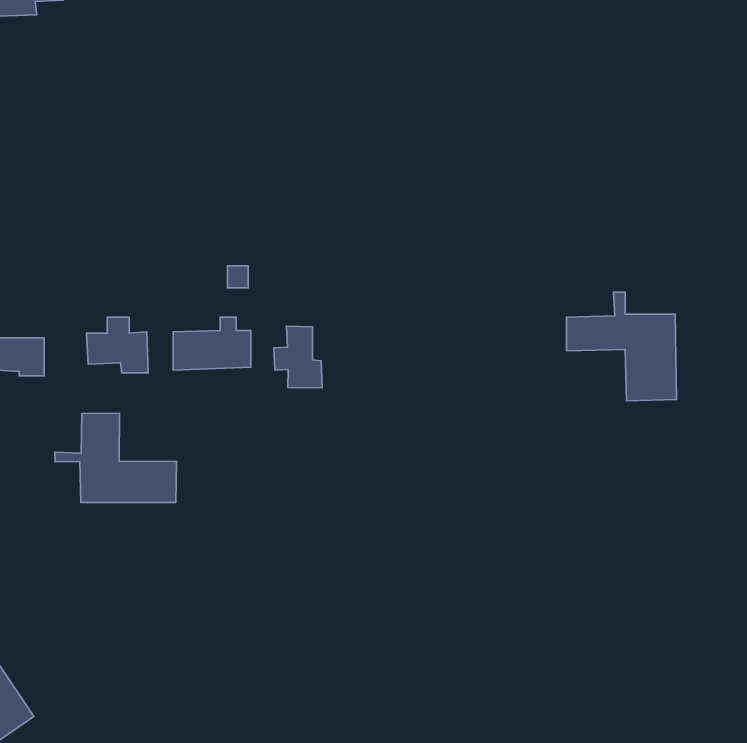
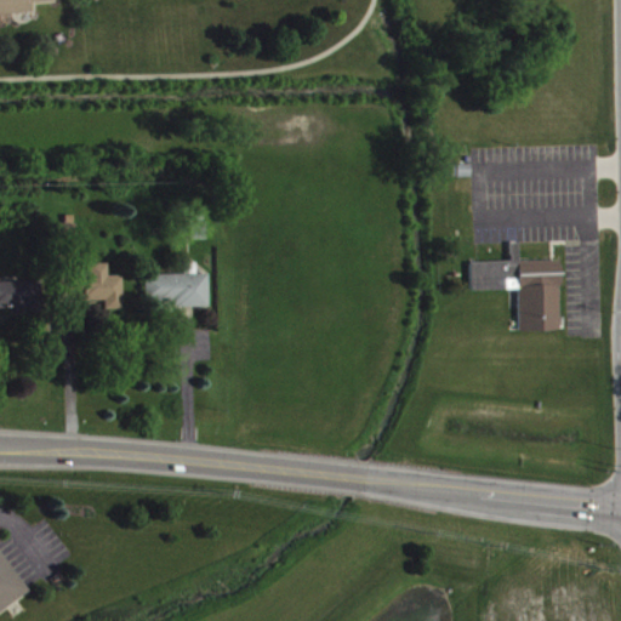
building: [274,326,322,388] -> none
building: [55,413,177,503] -> none

